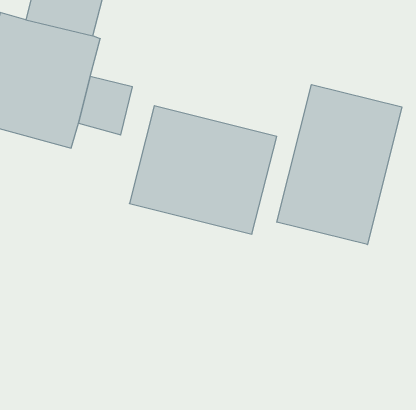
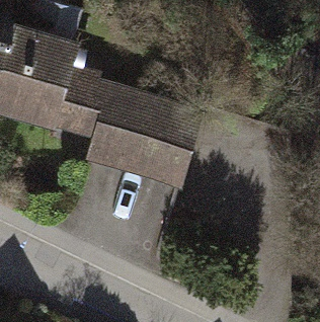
building: [277,85,402,245] -> none

